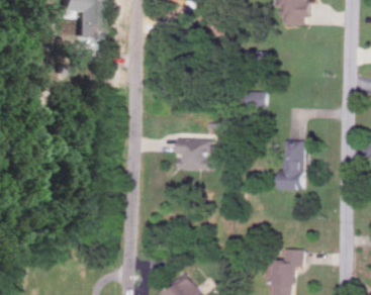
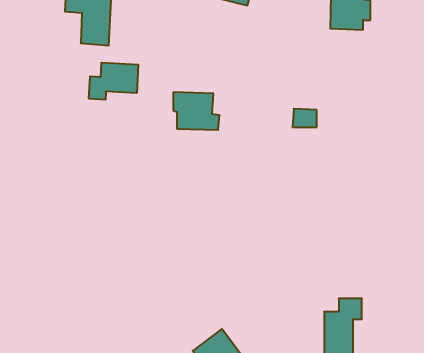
building: none -> [89,63,138,100]
building: [175,138,213,170] -> [173,92,220,130]
building: [283,140,305,190] -> none

